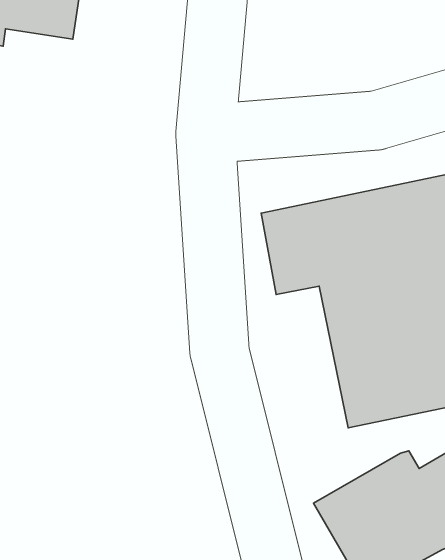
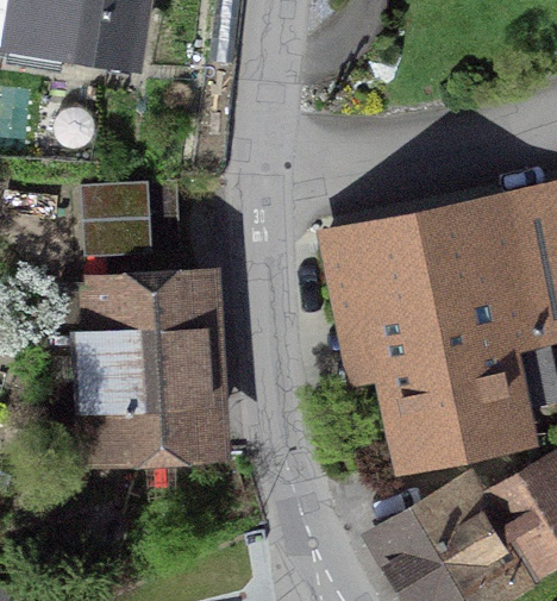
building: none -> [77,182,179,259]
building: none -> [76,289,208,465]

